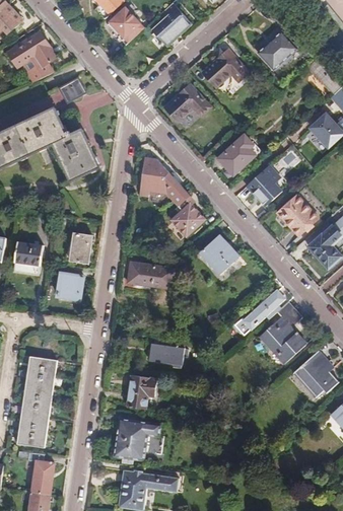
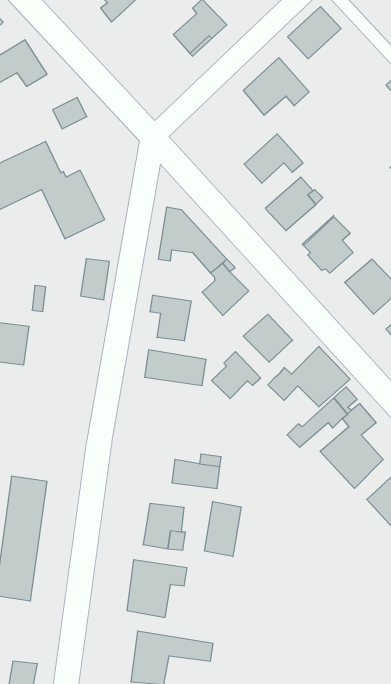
building: [108,7,139,38] -> none
building: [256,30,295,69] -> [288,7,341,59]
building: [163,86,207,123] -> [244,134,303,183]
building: none -> [150,295,191,341]
building: [70,232,91,263] -> [81,259,109,300]
building: none -> [268,346,350,407]
building: none -> [212,352,261,399]
building: [57,266,83,301] -> none
building: none -> [205,501,241,557]
building: [26,452,53,494] -> none

